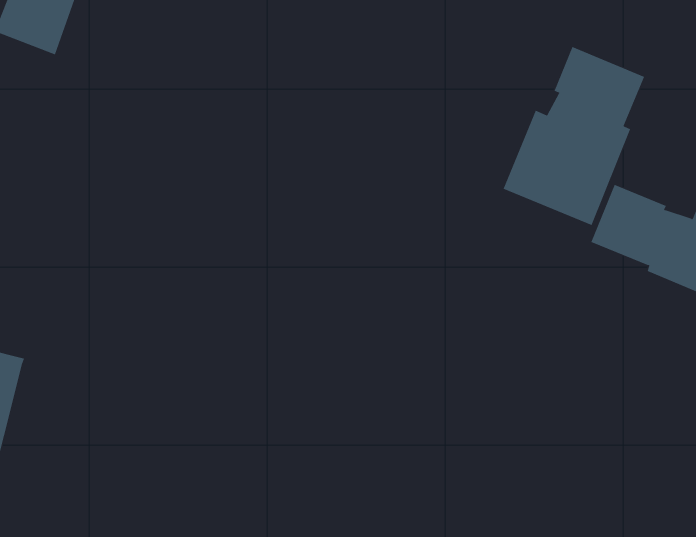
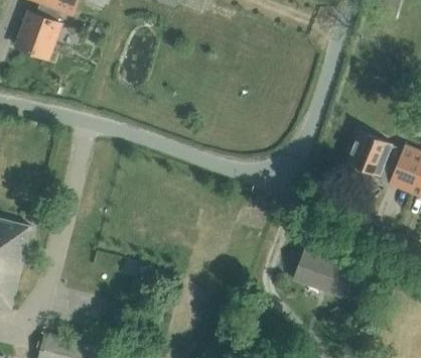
building: [503,46,645,226] -> none
building: none -> [294,248,353,295]

